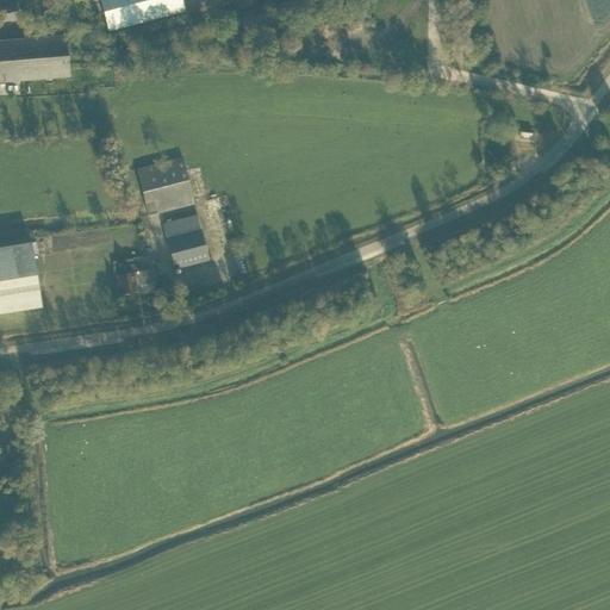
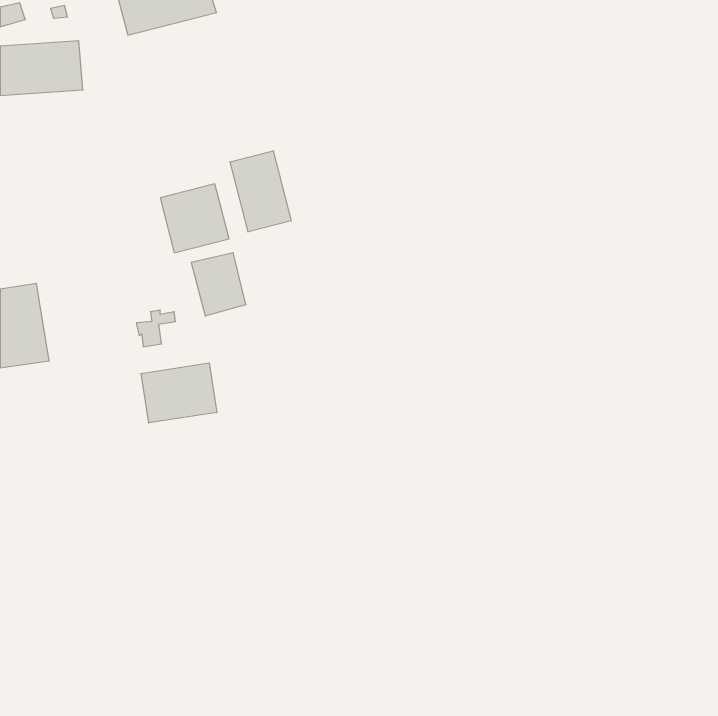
building: none -> [230,151,291,232]
building: none -> [141,363,217,423]

